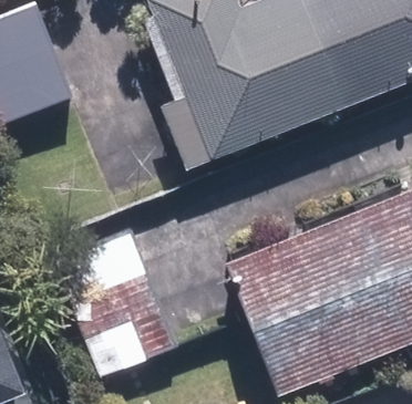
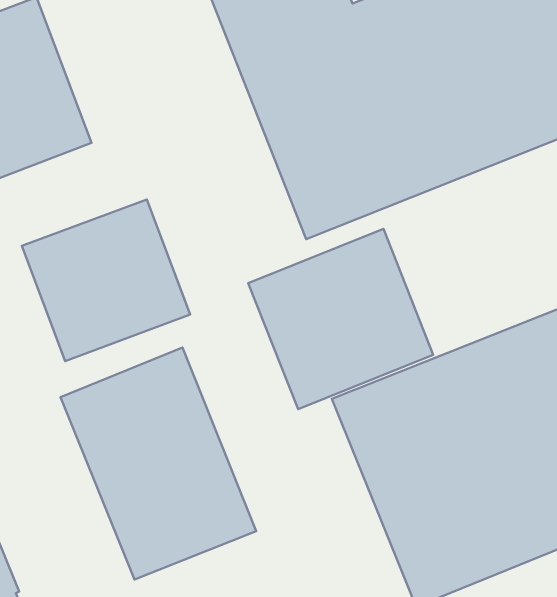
building: none -> [22,199,190,361]
building: none -> [248,229,433,409]

